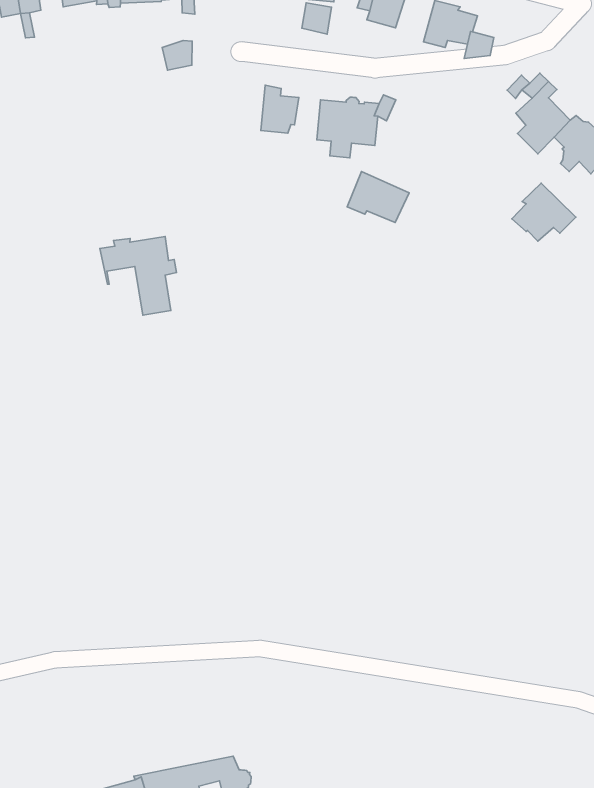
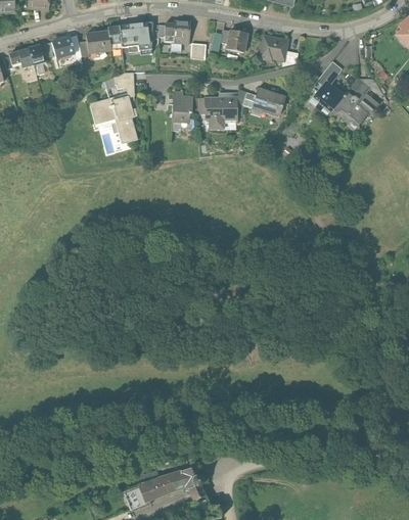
building: [347,172,409,223] -> [252,88,285,114]
building: [512,183,576,241] -> none
building: [100,236,176,315] -> [93,95,137,140]

